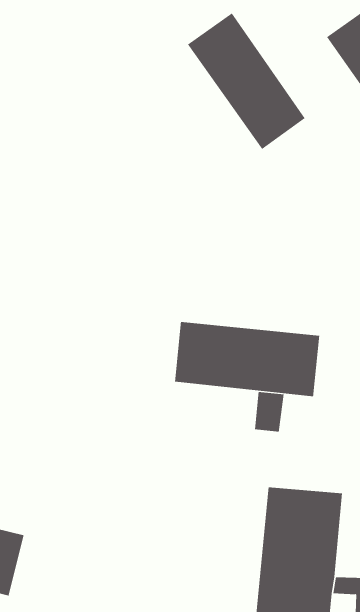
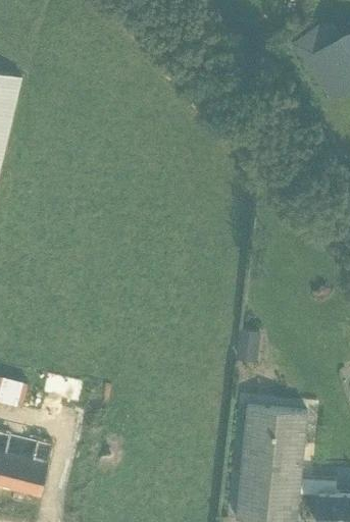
building: [187,13,306,150] -> none
building: [175,321,320,397] -> none

